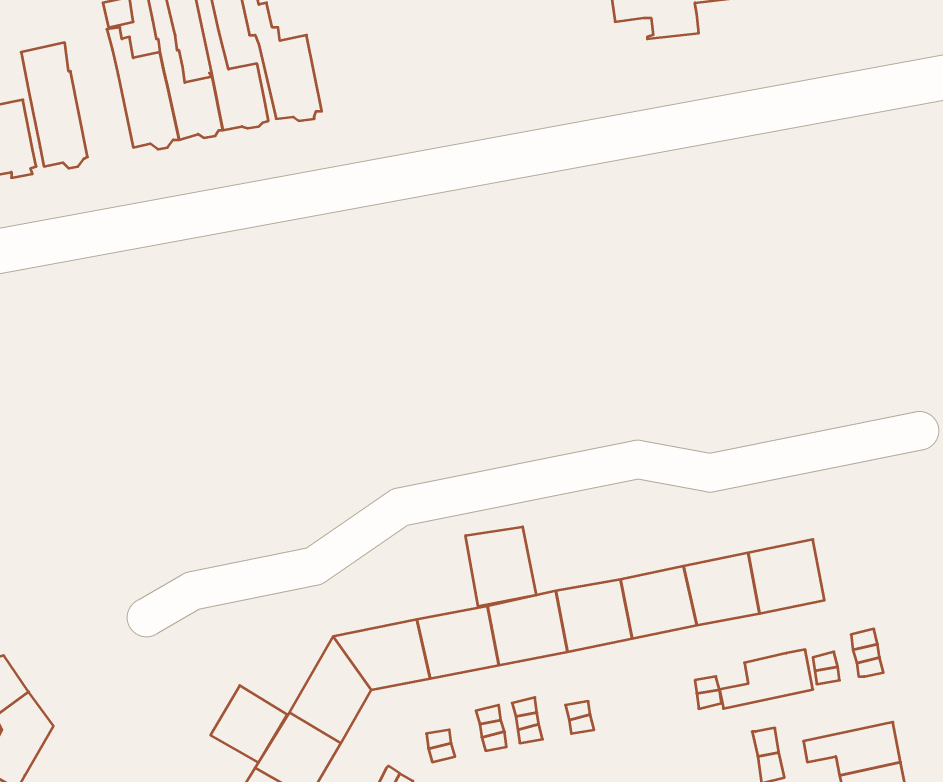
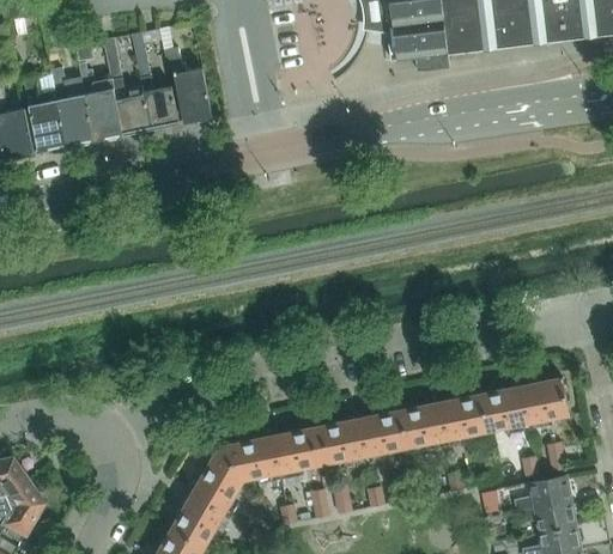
building: none -> [49,68,93,146]
building: [466,527,536,606] -> none
building: none -> [521,378,569,424]
building: [720,650,813,709] -> [512,475,571,512]
building: [211,685,287,763] -> none

